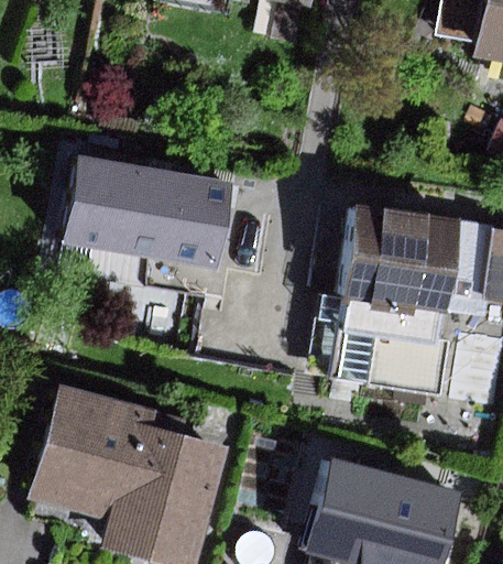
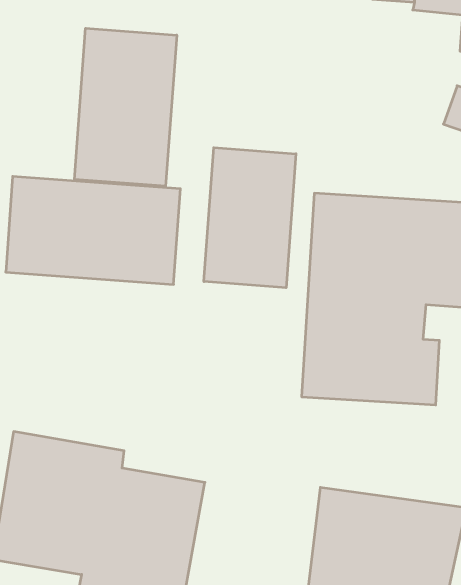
building: none -> [74,28,177,186]
building: none -> [204,148,296,288]

